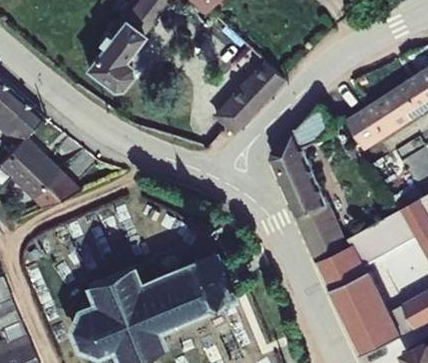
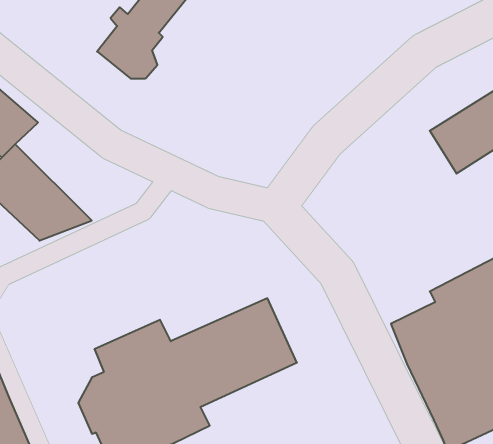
building: [228,59,296,128] -> none
building: [265,112,345,266] -> none

